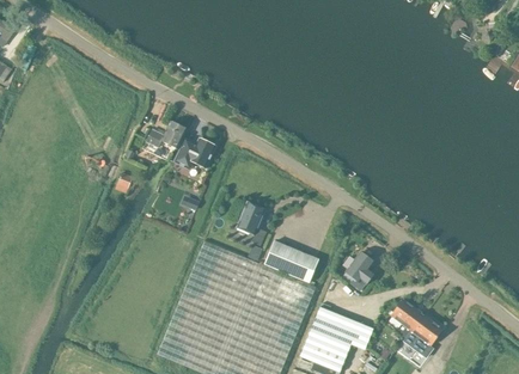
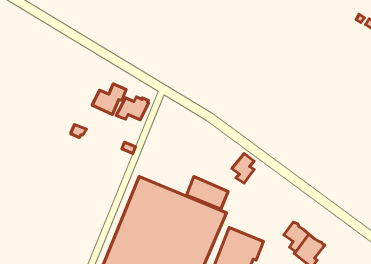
building: [236,201,265,245] -> none
building: [344,252,373,290] -> [232,154,254,183]

